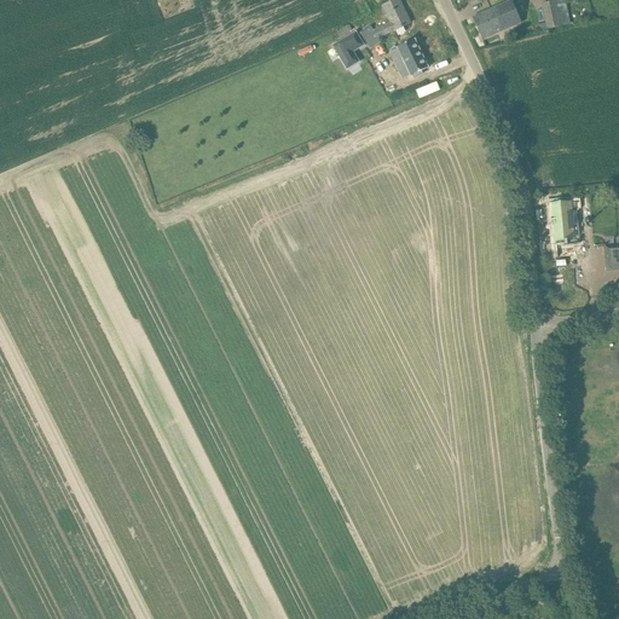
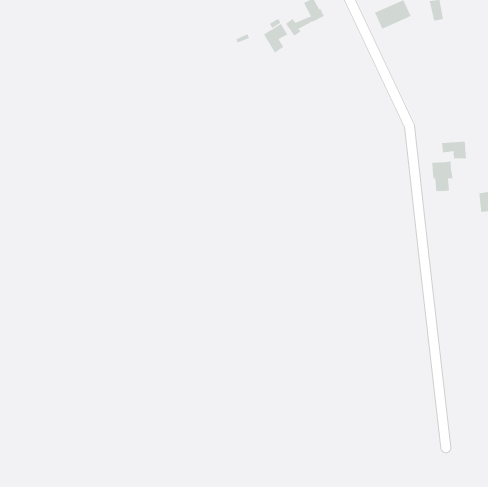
building: [392,37,422,74] -> none
building: none -> [441,141,467,159]

